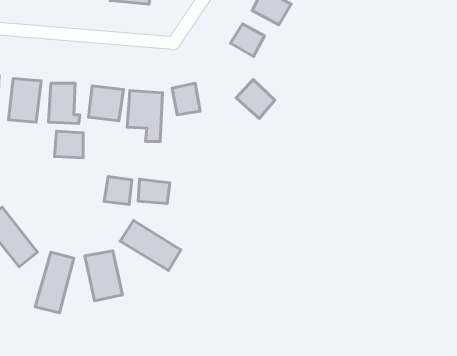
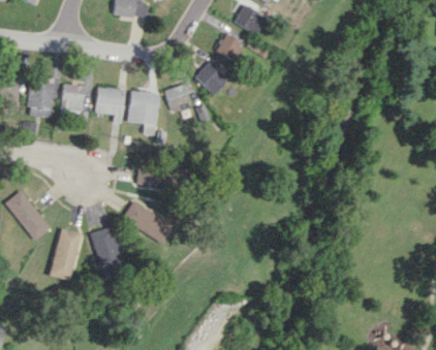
building: [236,80,275,119] -> [194,62,227,95]
building: [55,131,83,158] -> none
building: [104,176,132,204] -> none

